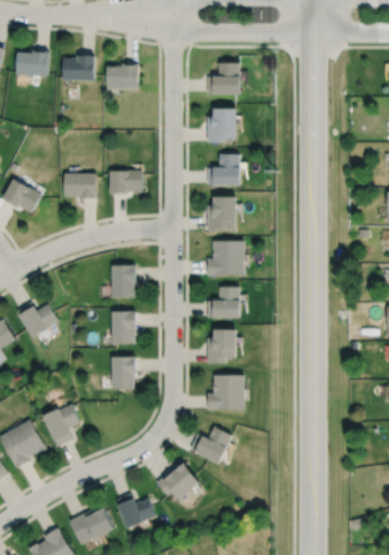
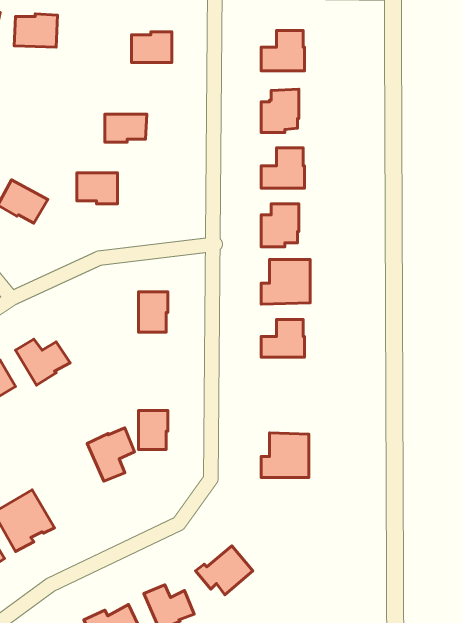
building: [63,55,94,80] -> none
building: [109,171,142,193] -> [105,114,147,142]
building: [112,312,134,344] -> none
building: [207,328,236,363] -> none
building: [43,404,80,446] -> [87,428,135,481]
building: [189,426,232,464] -> none

